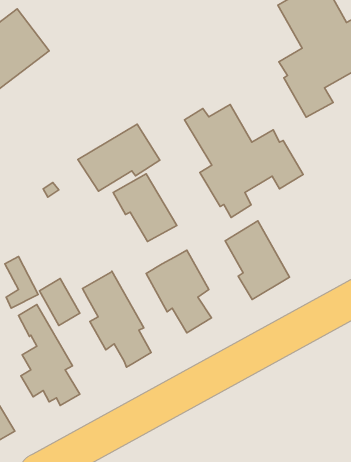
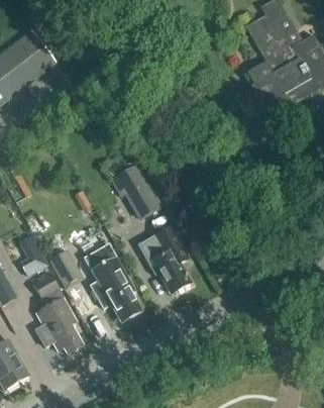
building: [185,105,303,218] -> none
building: [78,124,160,191] -> none
building: [225,221,289,300] -> none

